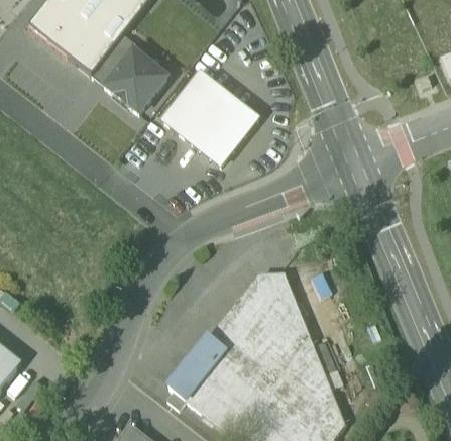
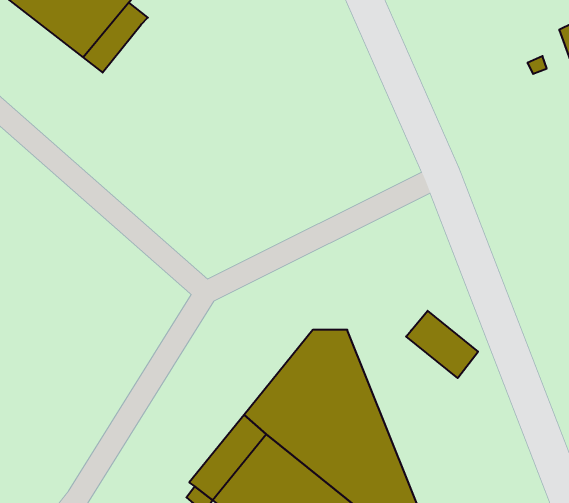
building: [105,49,166,112] -> none
building: [163,73,258,166] -> none
building: none -> [406,311,478,378]

